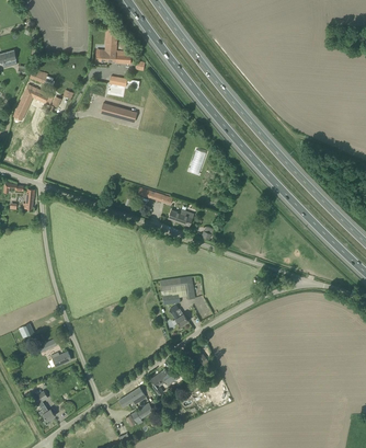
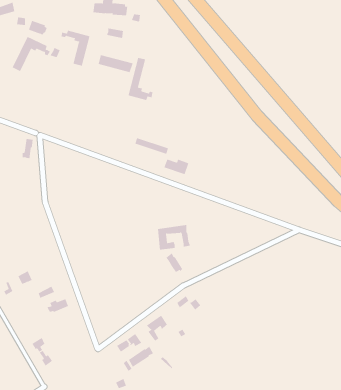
building: none -> [61,30,90,66]
building: none -> [128,57,153,101]

